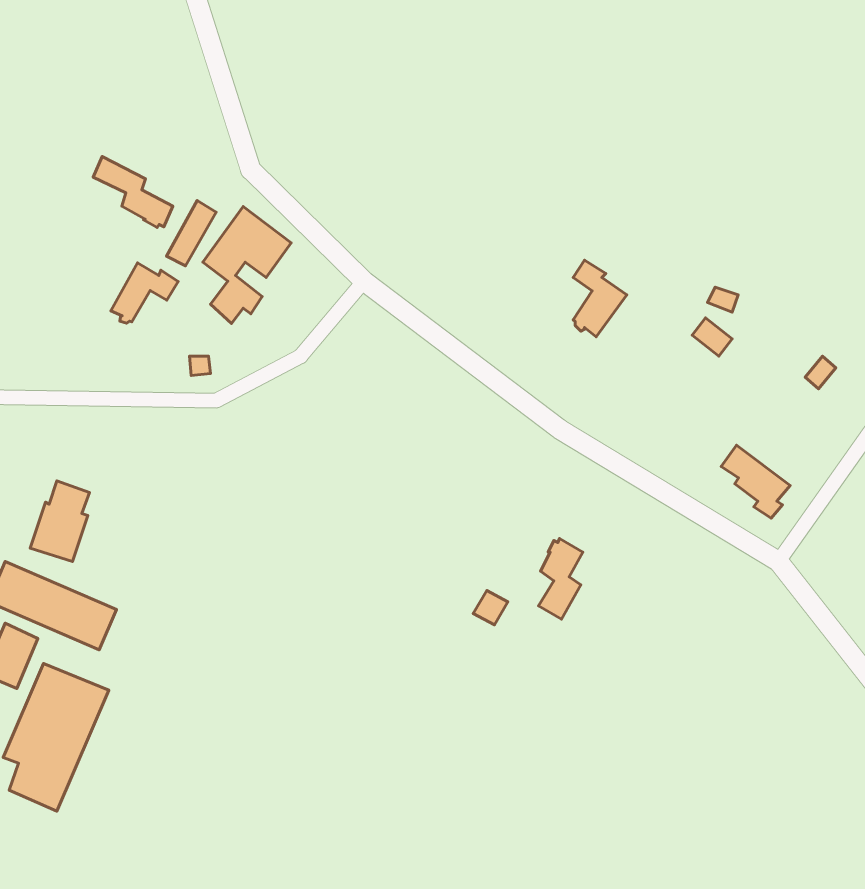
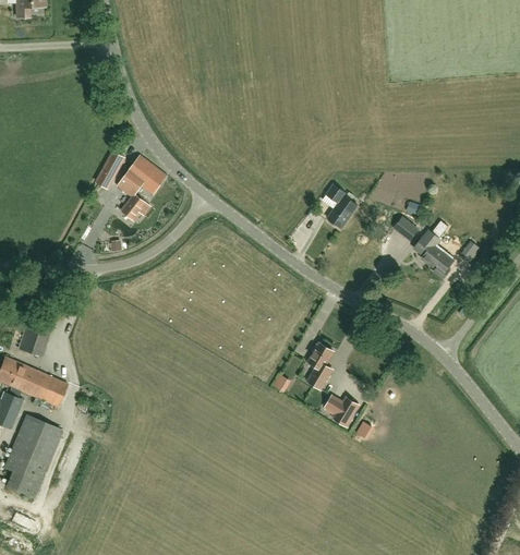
building: [93,157,173,228] -> none
building: [111,263,178,323] -> none
building: [721,445,790,518] -> [414,237,454,278]
building: none -> [325,397,359,426]

